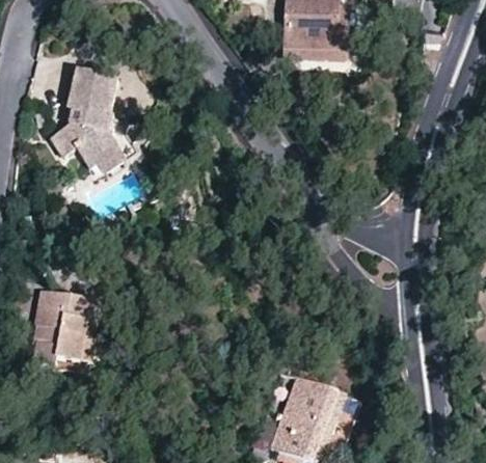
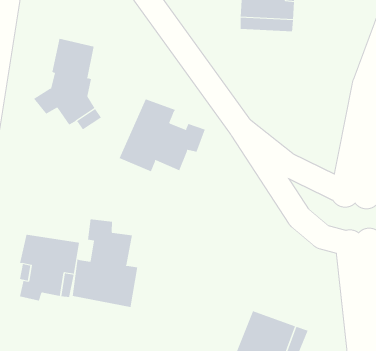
building: none -> [119,98,205,172]
building: none -> [72,219,138,308]

